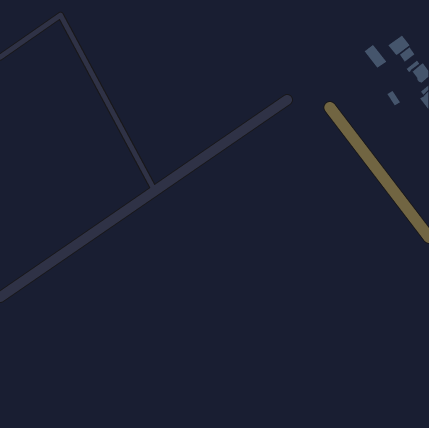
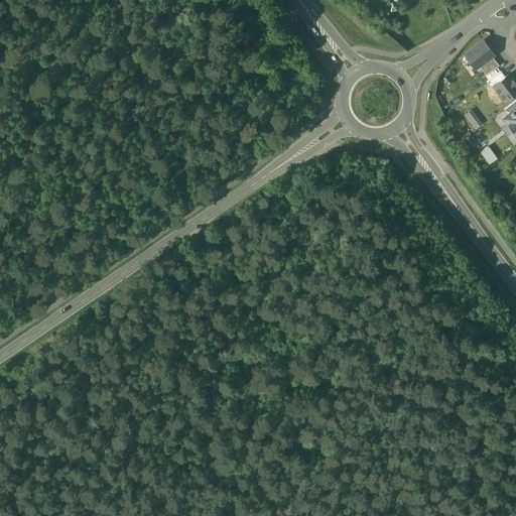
building: [364,44,388,69] -> none

